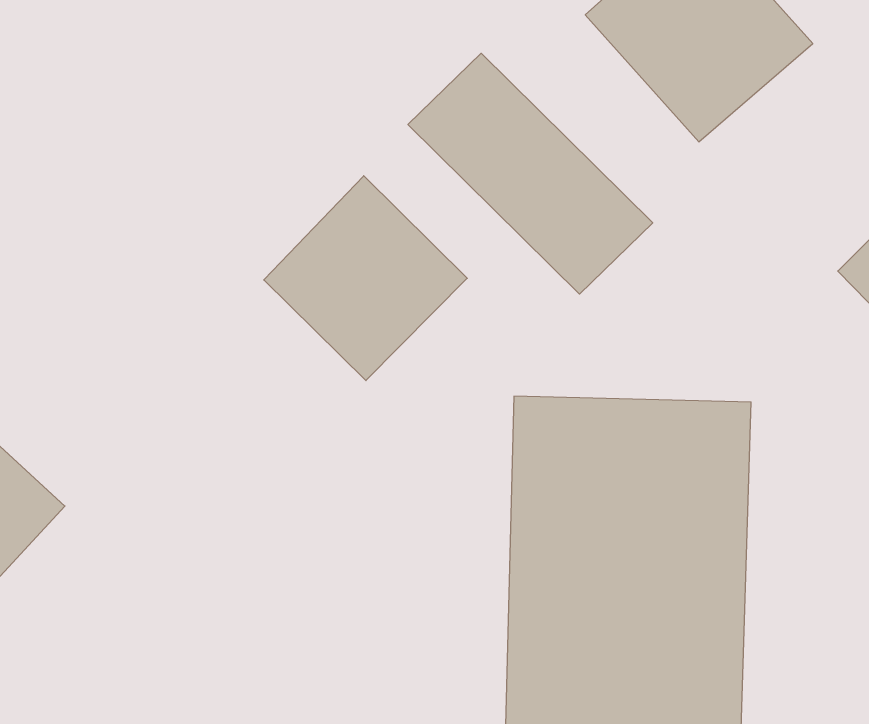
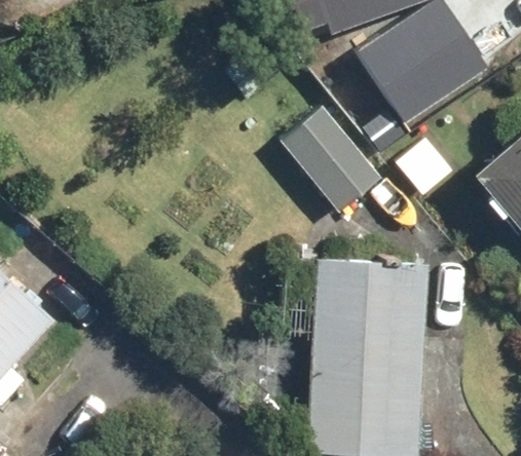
building: [264,176,467,381] -> none

